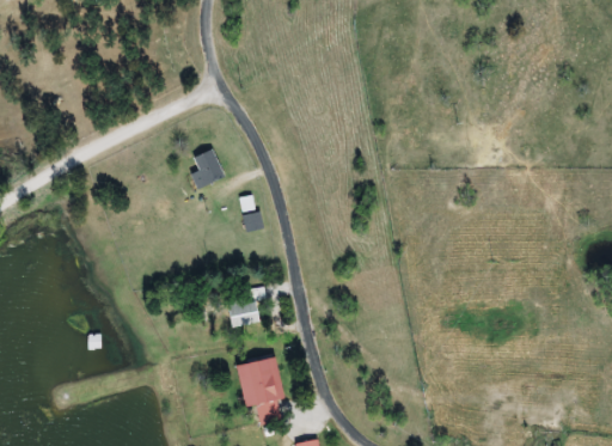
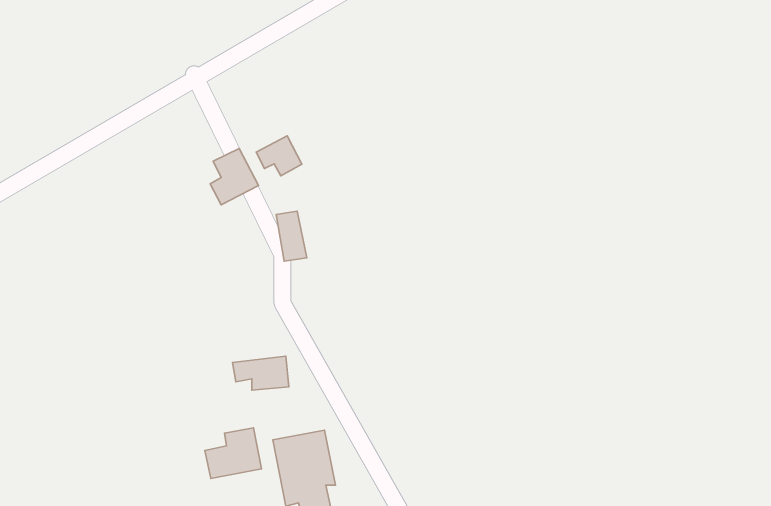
building: none -> [256,136,302,176]
building: none -> [205,428,262,479]

